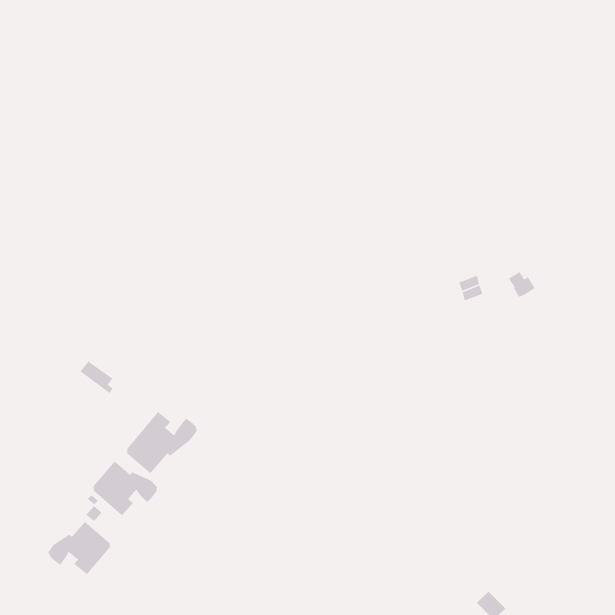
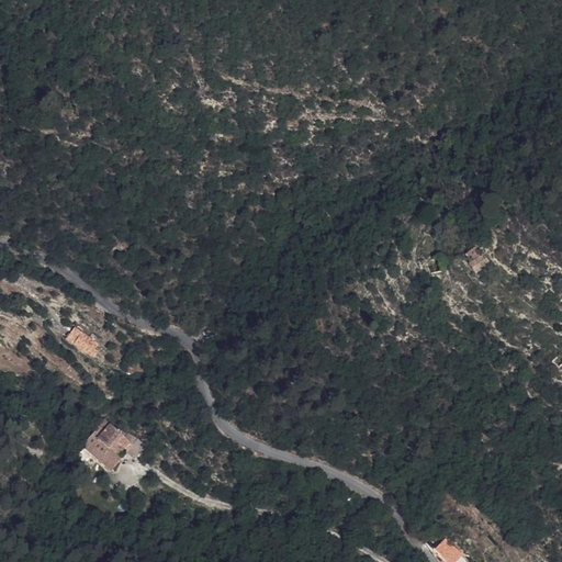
building: [127,411,198,474] -> none
building: [47,521,111,575] -> none

